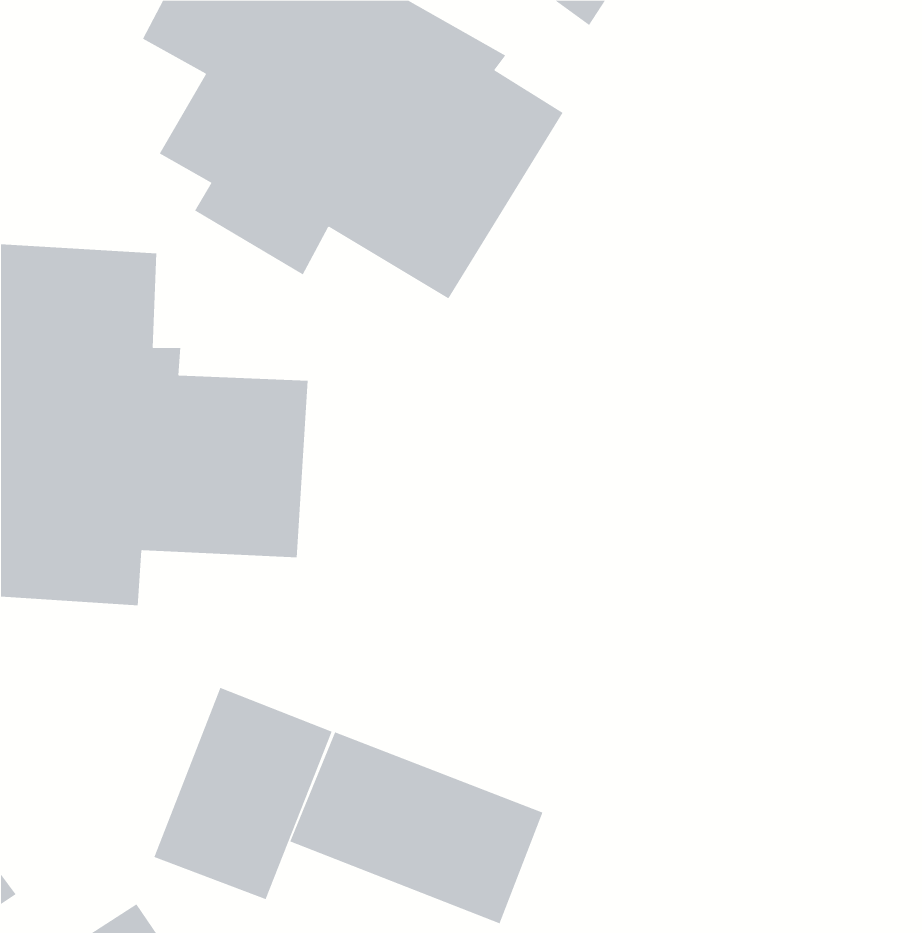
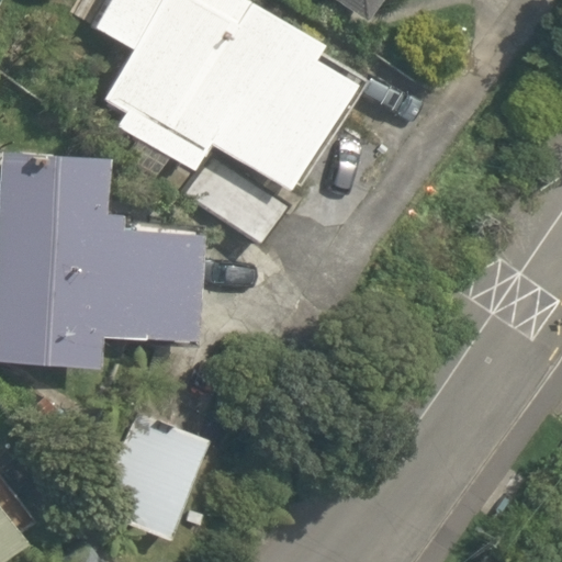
building: [290,731,543,924] -> none

